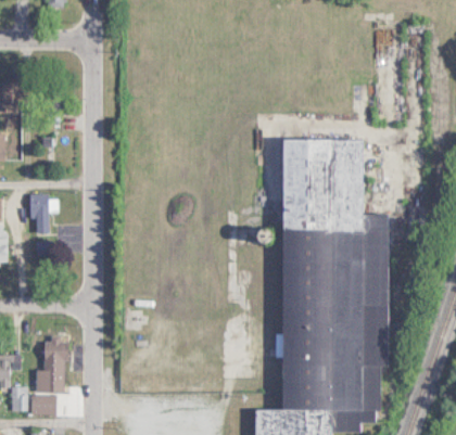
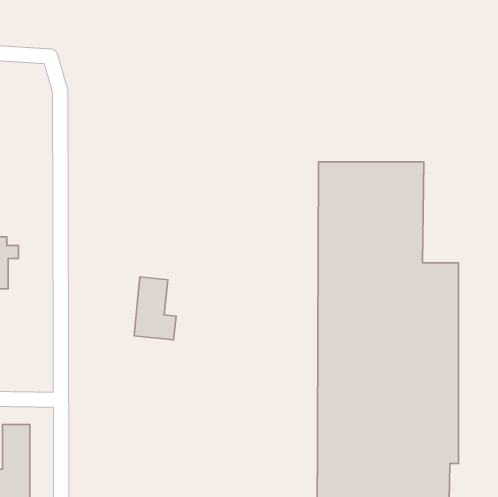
building: none -> [134,277,176,340]

